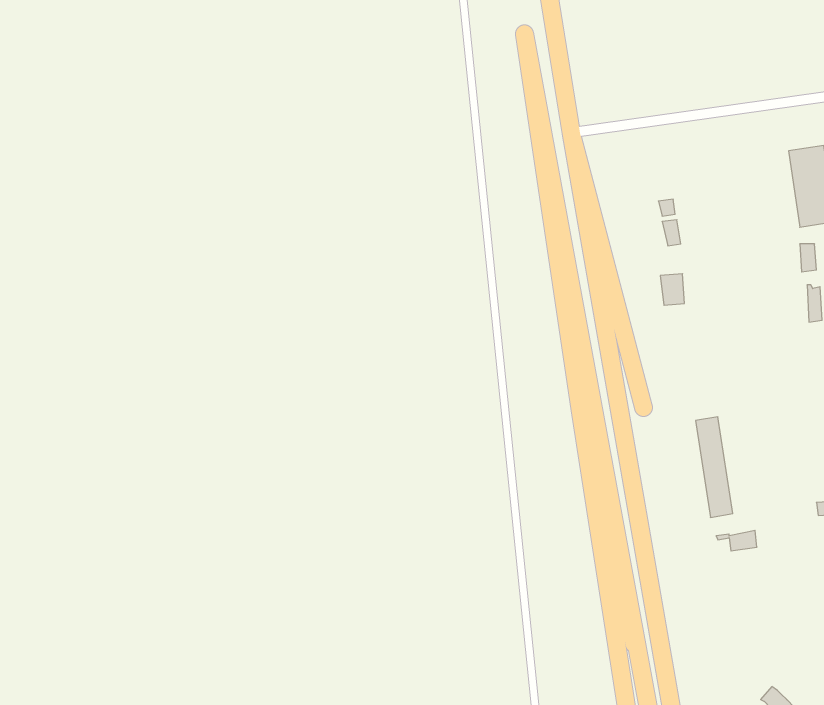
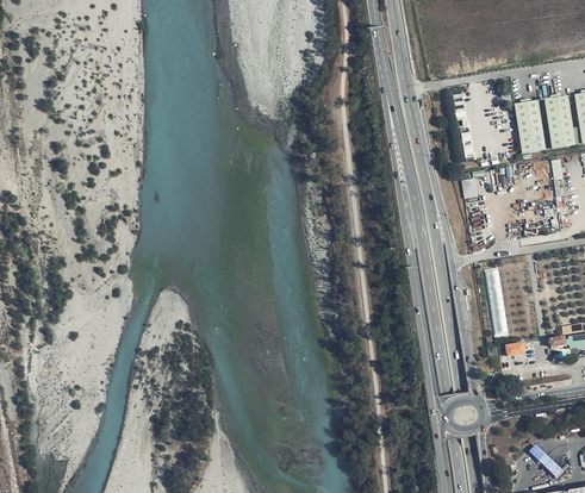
building: none -> [516,101,547,154]

